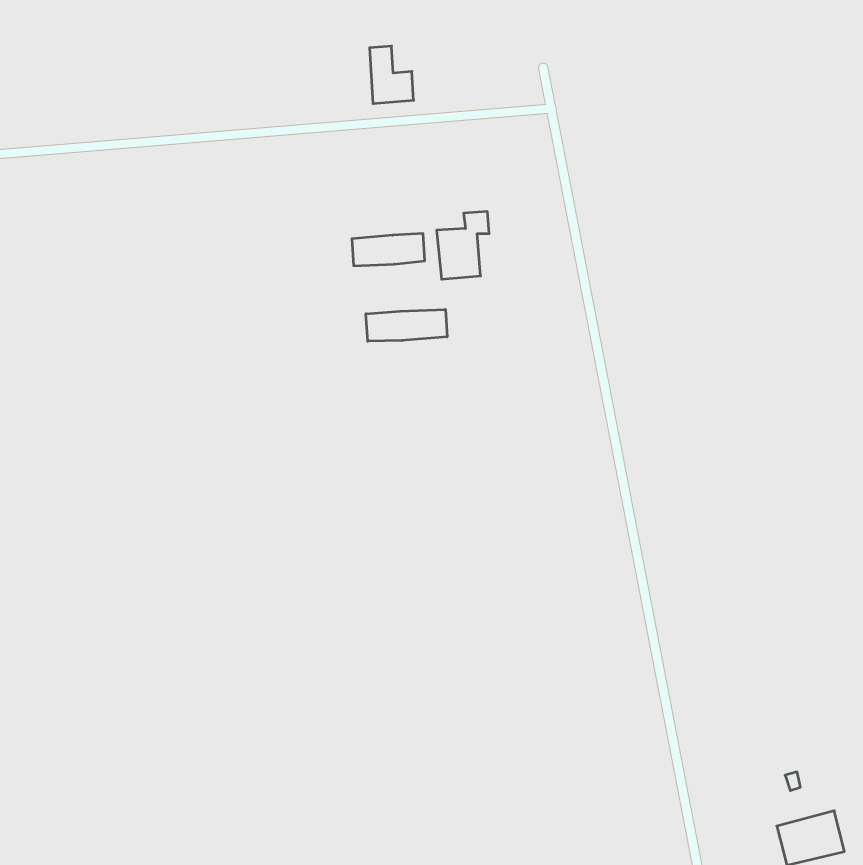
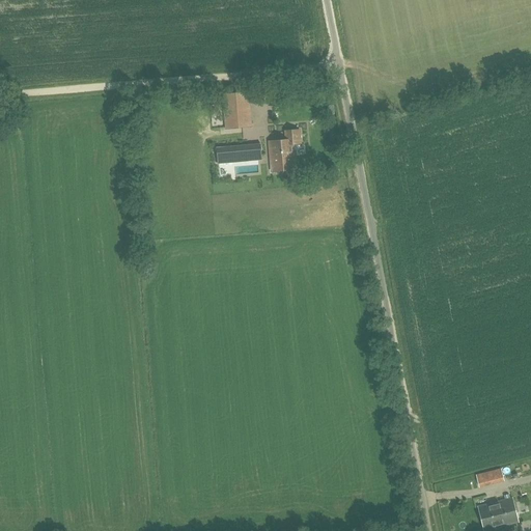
building: [370,46,414,104] -> [223,92,250,128]
building: [366,309,447,341] -> none

